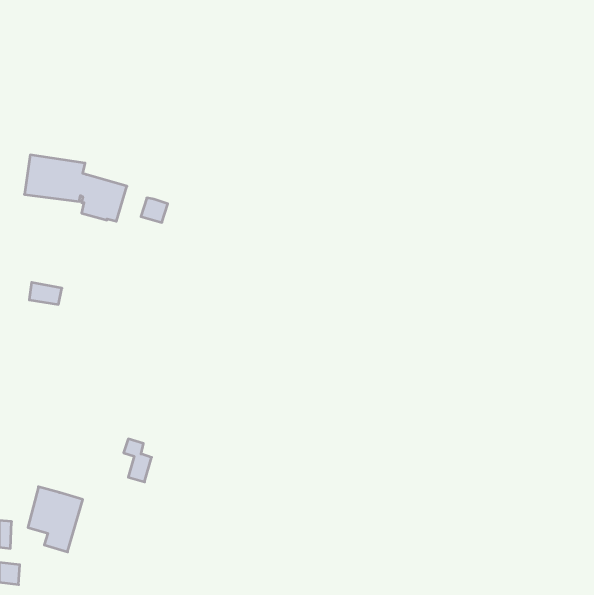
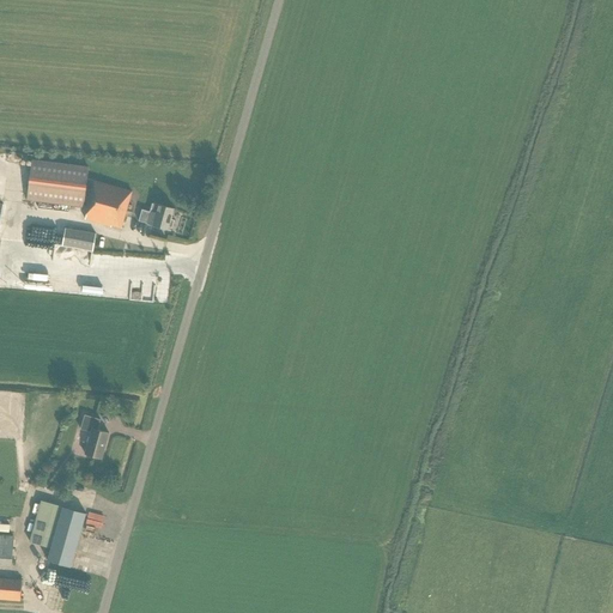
building: [29,282,62,304] -> [61,227,95,250]
building: [124,439,152,482] -> [79,414,108,459]

